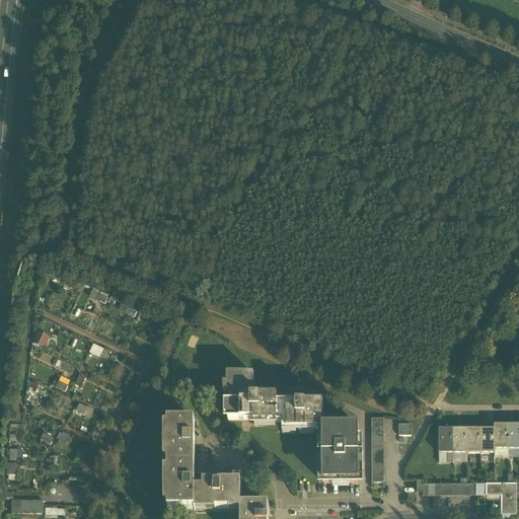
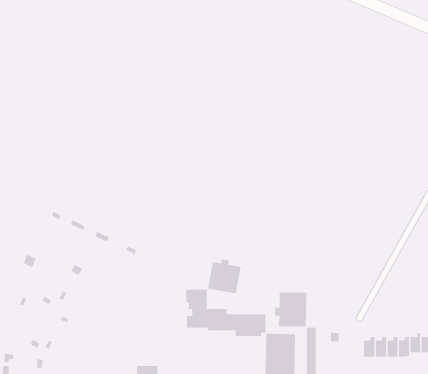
building: none -> [208,259,241,294]
building: none -> [275,292,307,327]
building: [163,416,194,460] -> none

